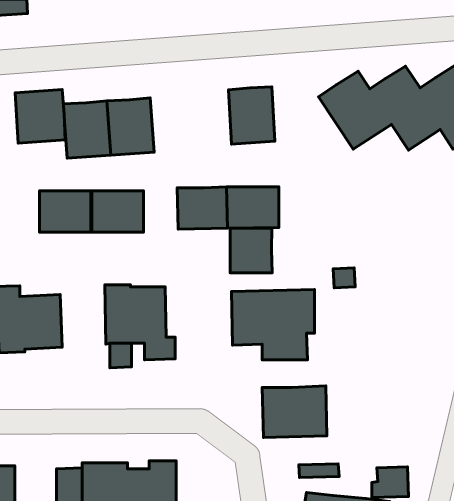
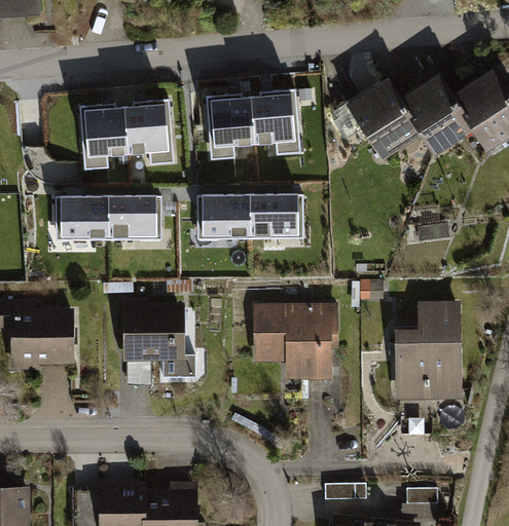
building: [15,89,65,143] -> none
building: none -> [205,96,254,155]
building: [230,228,272,273] -> none
building: none -> [393,300,462,399]
building: [262,386,327,438] -> none

